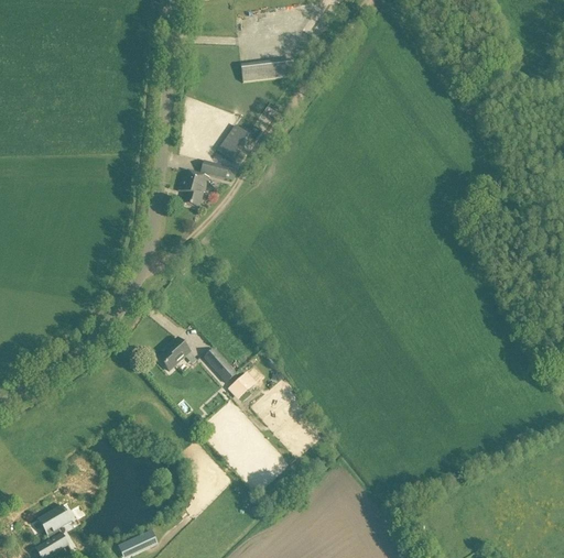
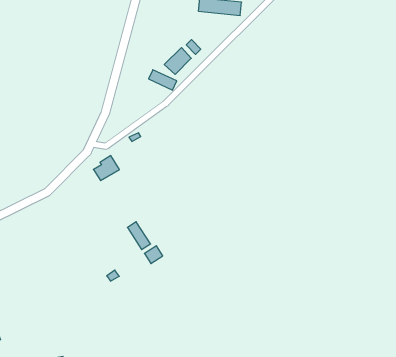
building: [178,169,210,207] -> none
building: [159,338,191,371] -> [93,156,119,181]

